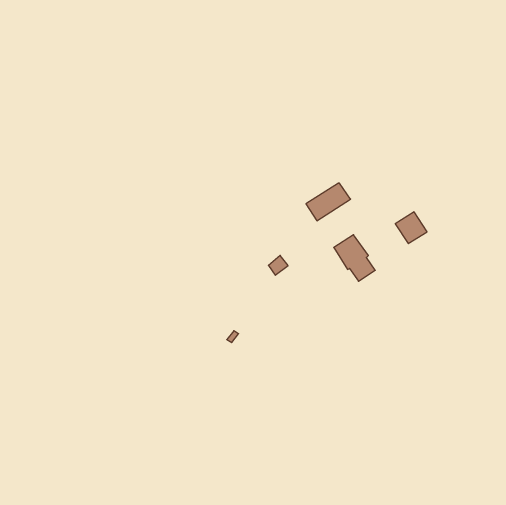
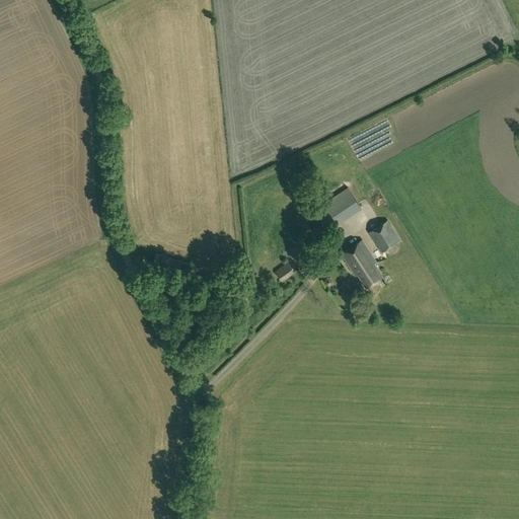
building: [395,212,427,244] -> [368,221,400,253]

